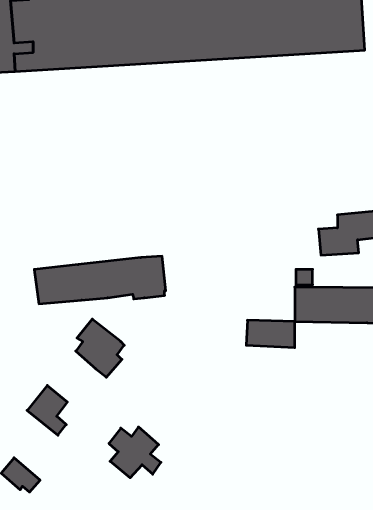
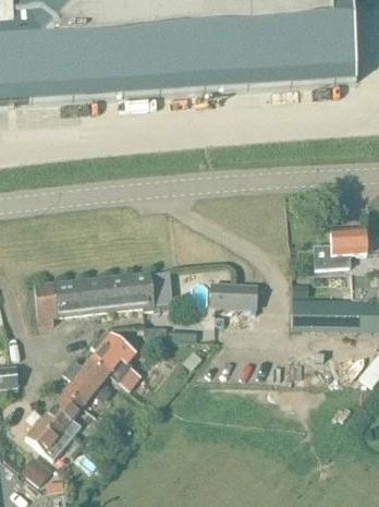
building: none -> [35,281,57,324]
building: [246,320,295,348] -> [211,282,256,307]
building: none -> [26,411,74,458]
building: [109,427,161,478] -> [63,357,111,403]

